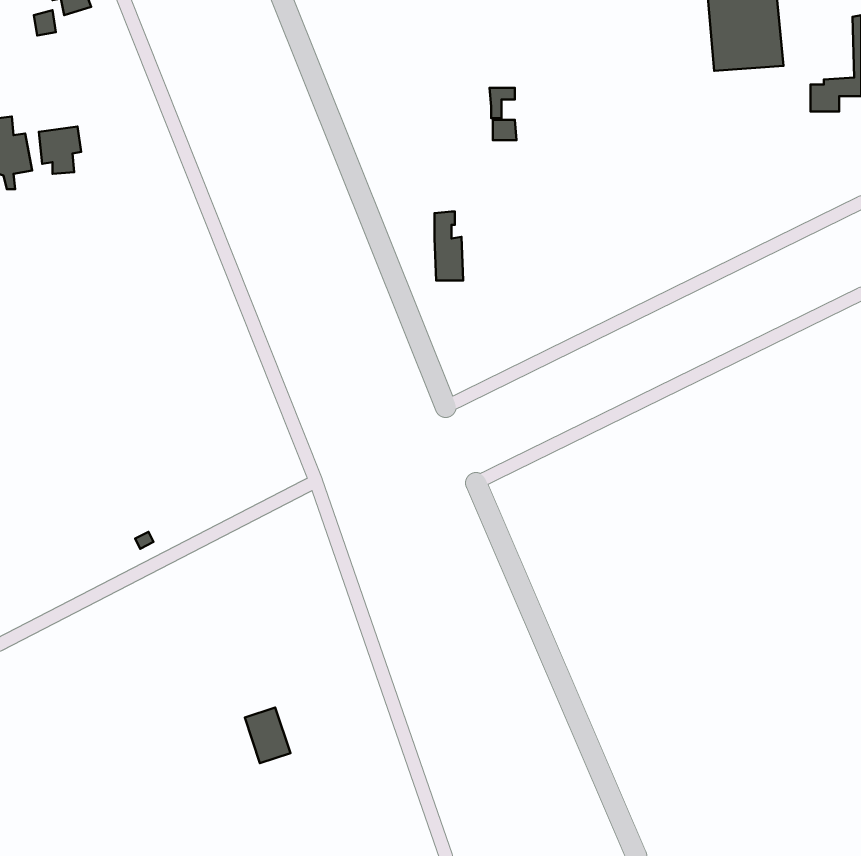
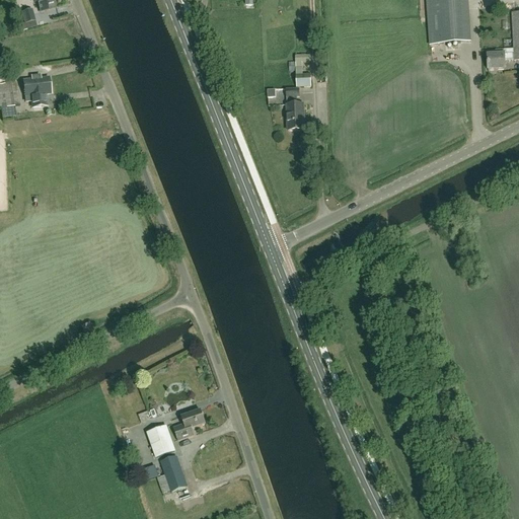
building: [435,211,463,281] -> [286,86,303,128]
building: none -> [172,407,204,439]
building: none -> [159,454,187,490]

